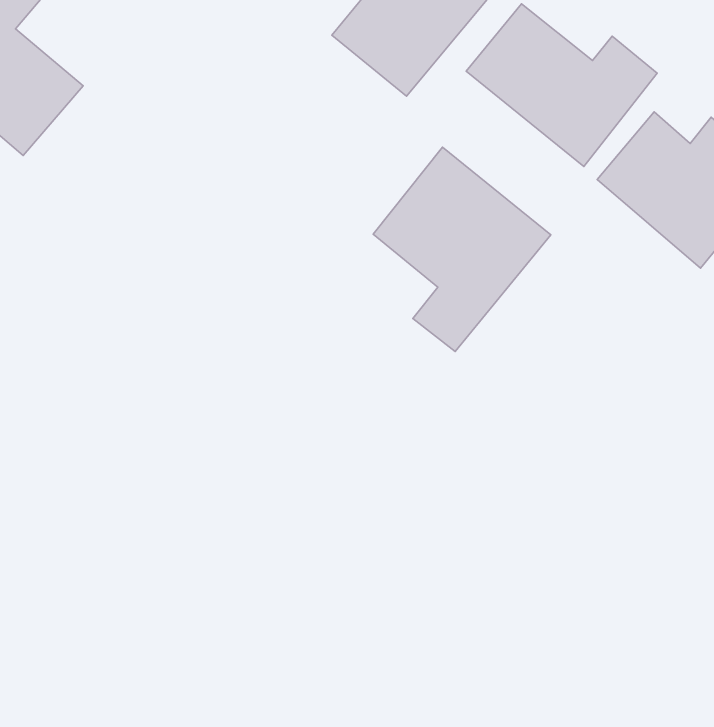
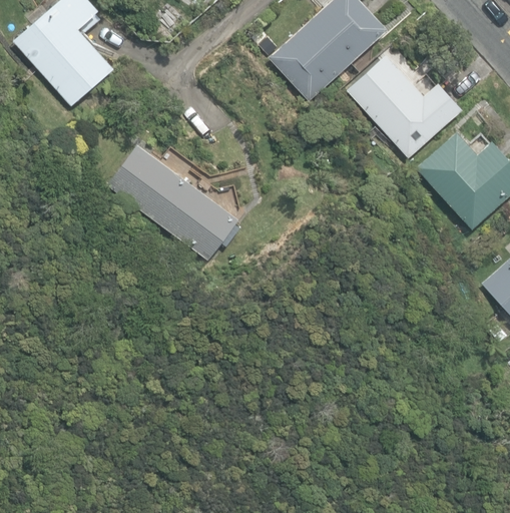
building: [373,147,551,352] -> none
building: none -> [106,143,238,260]

